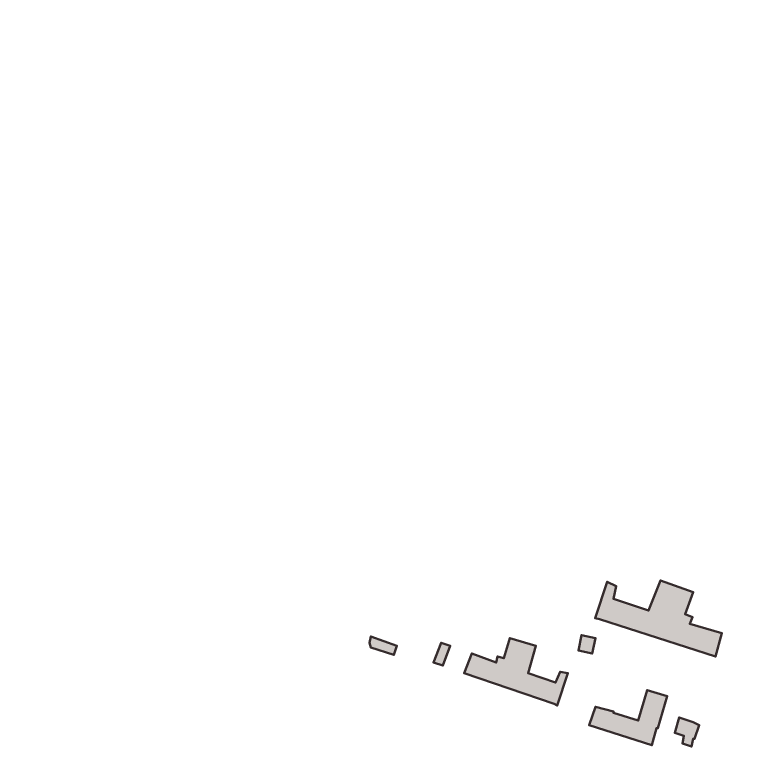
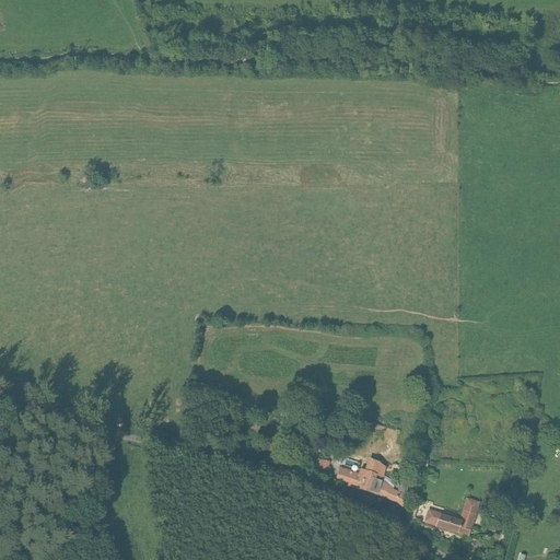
building: [595,580,722,656] -> none

